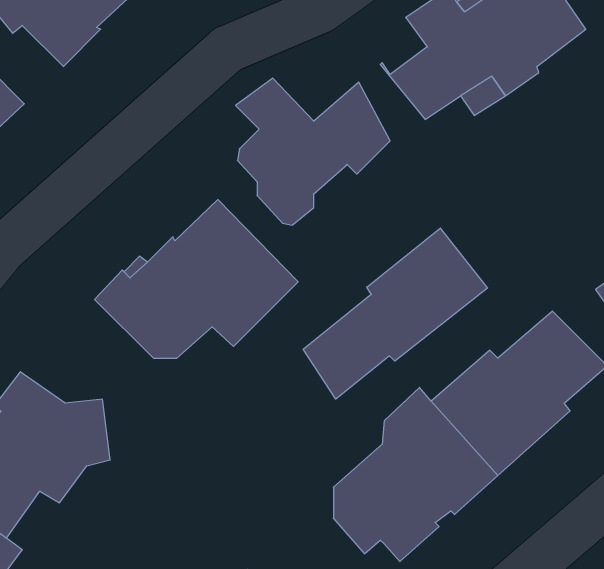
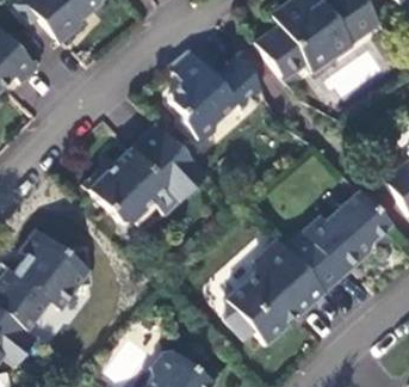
building: [303,228,487,399] -> none

